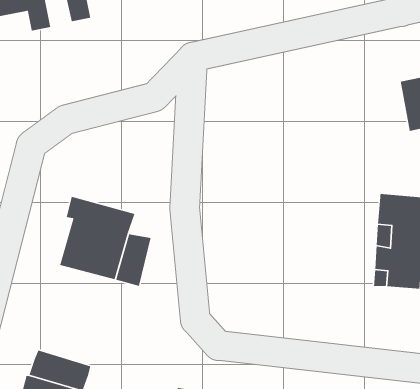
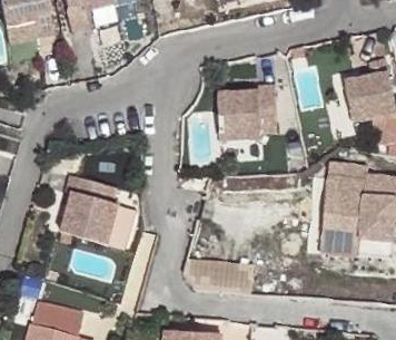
building: none -> [216,81,276,139]

